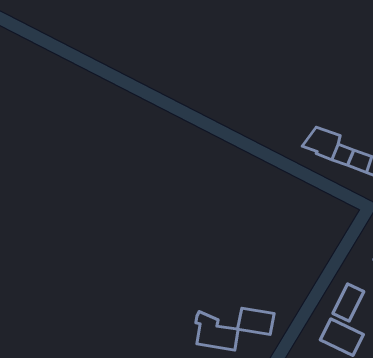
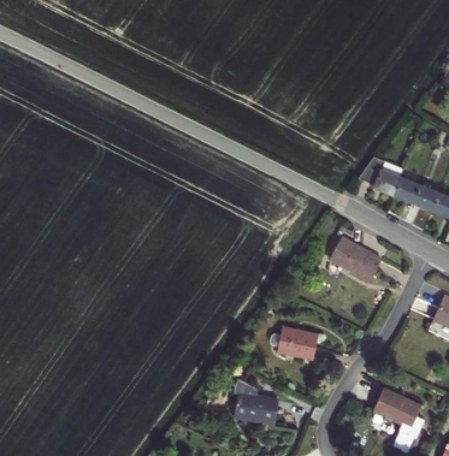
building: none -> [330,237,383,280]
building: [333,284,364,321] -> none
building: [237,308,274,334] -> [279,325,321,355]

